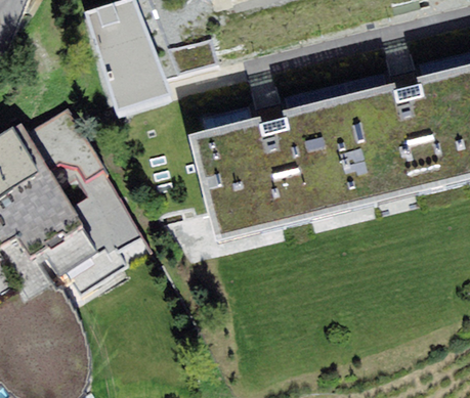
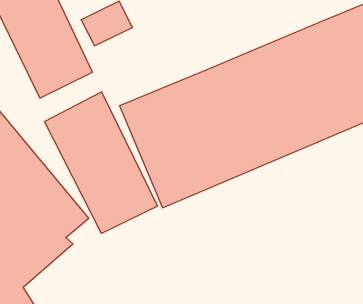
building: none -> [45,92,158,233]

